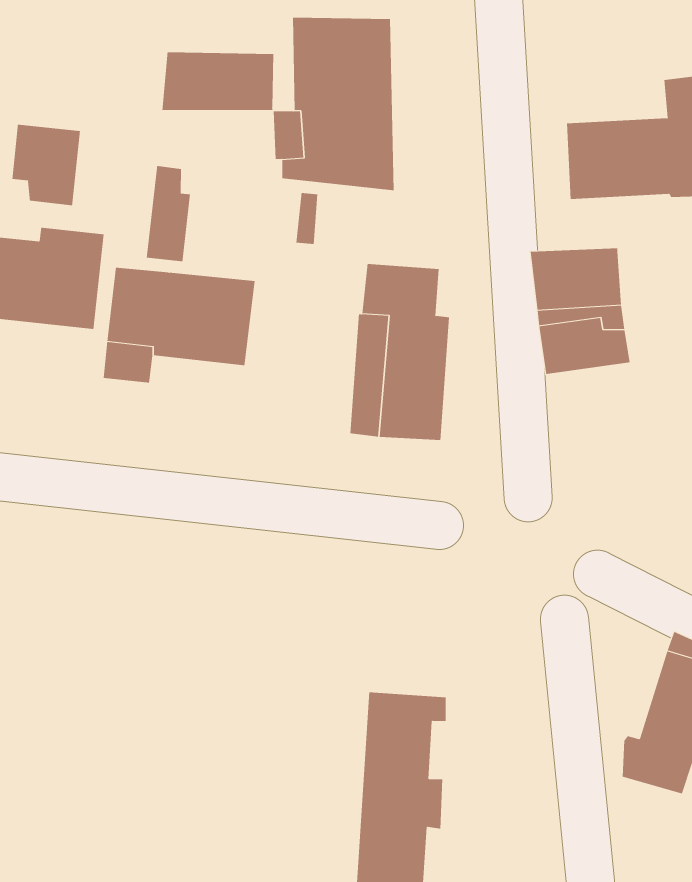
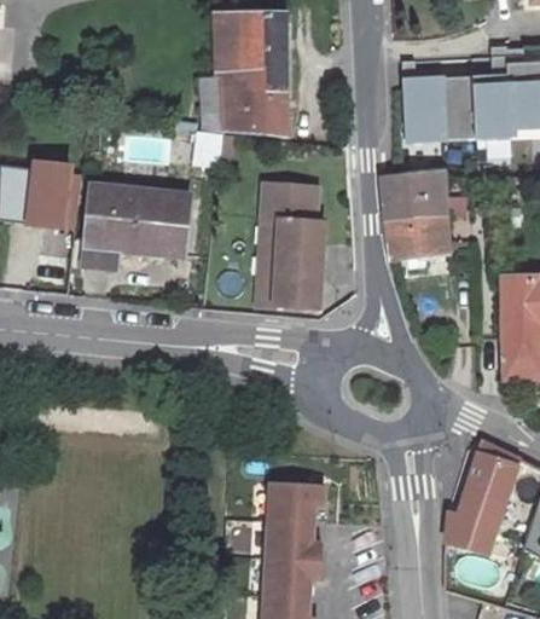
building: [162,52,274,111] -> none
building: [12,124,80,206] -> none
building: [146,165,190,262] -> none

